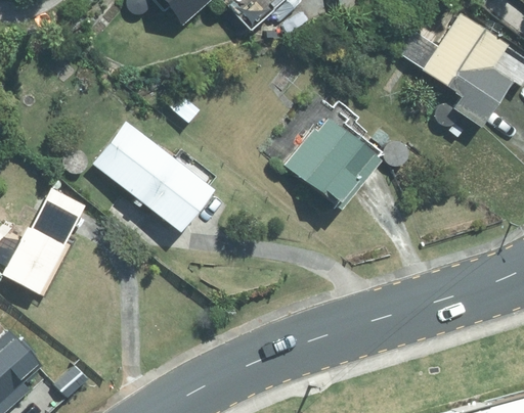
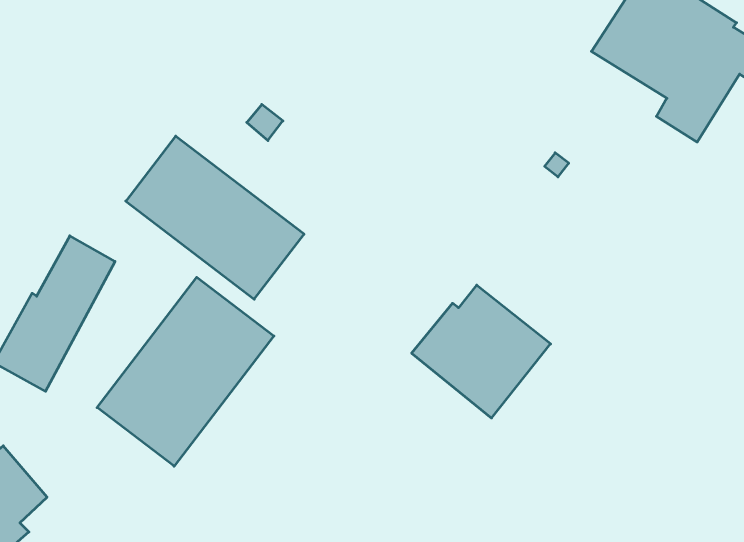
building: [285,117,379,206] -> [412,285,551,418]
building: none -> [97,277,274,466]

